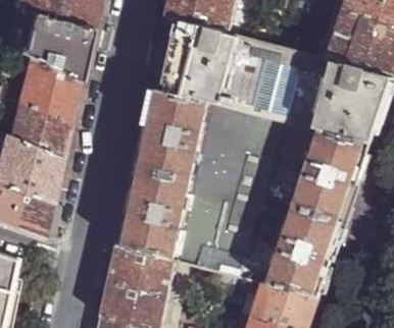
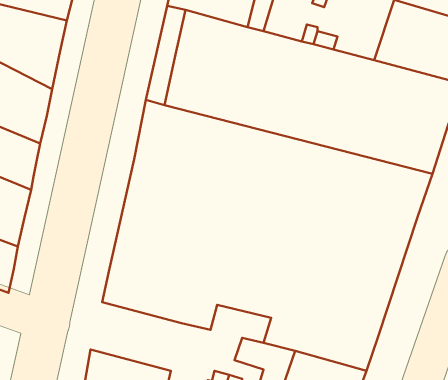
building: [109,247,180,299] -> none

